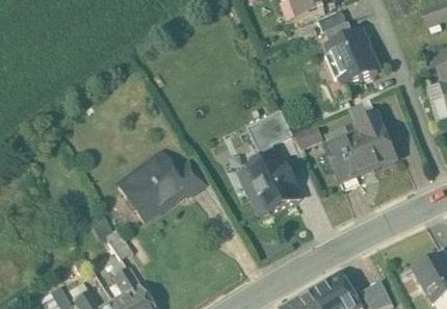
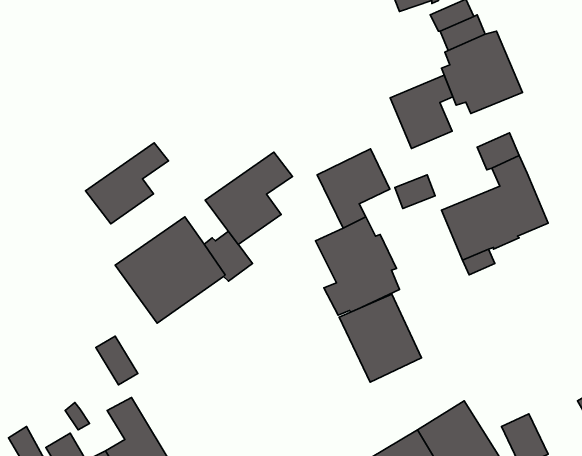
building: none -> [390,75,453,149]
building: none -> [86,143,168,224]
building: none -> [205,152,292,245]
building: none -> [339,294,421,382]

